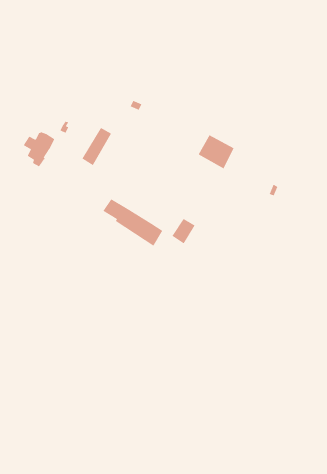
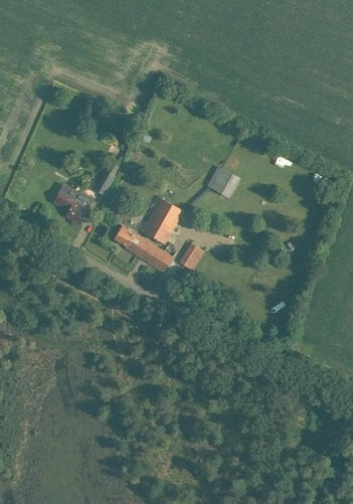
building: [23,132,55,167] -> [61,191,93,225]
building: none -> [142,197,183,243]

